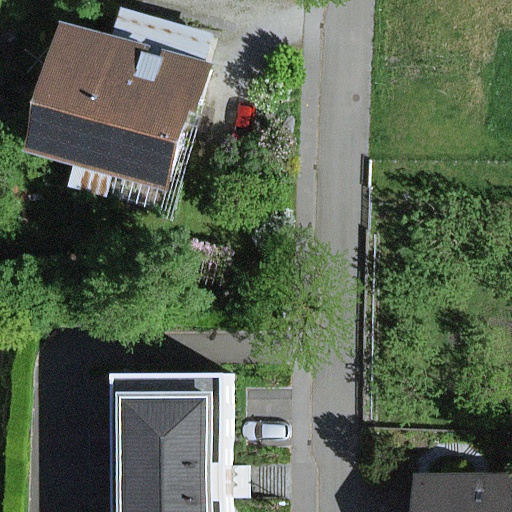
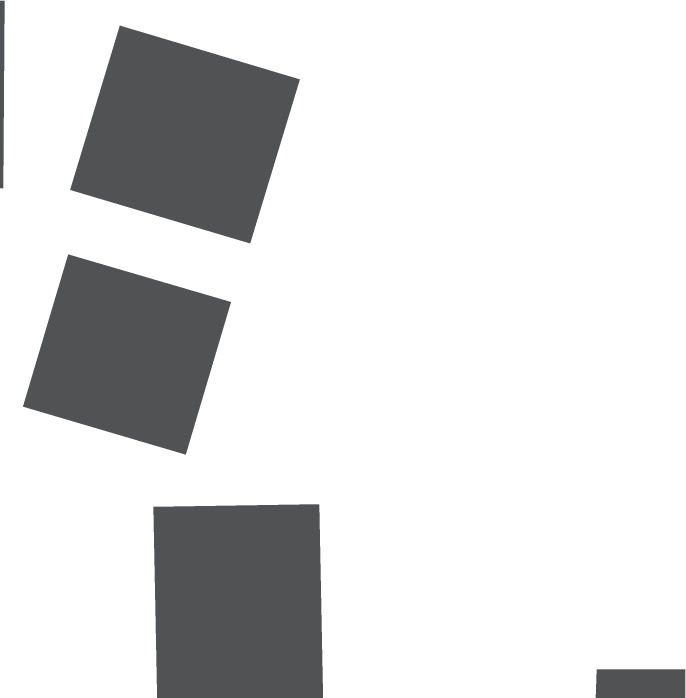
building: none -> [22,253,232,456]

